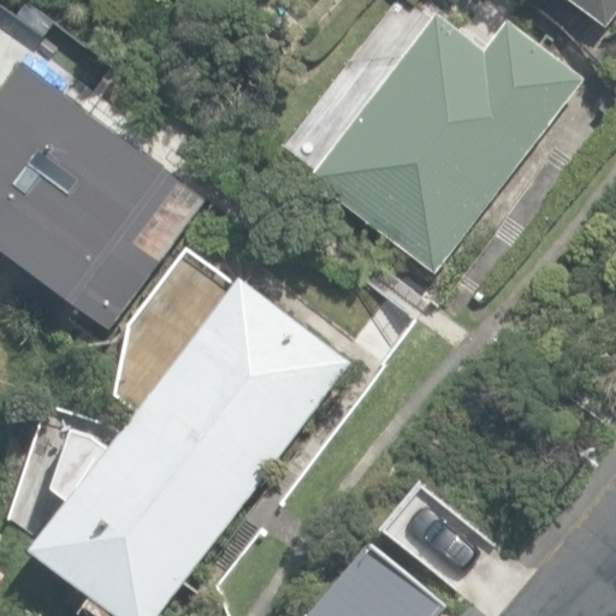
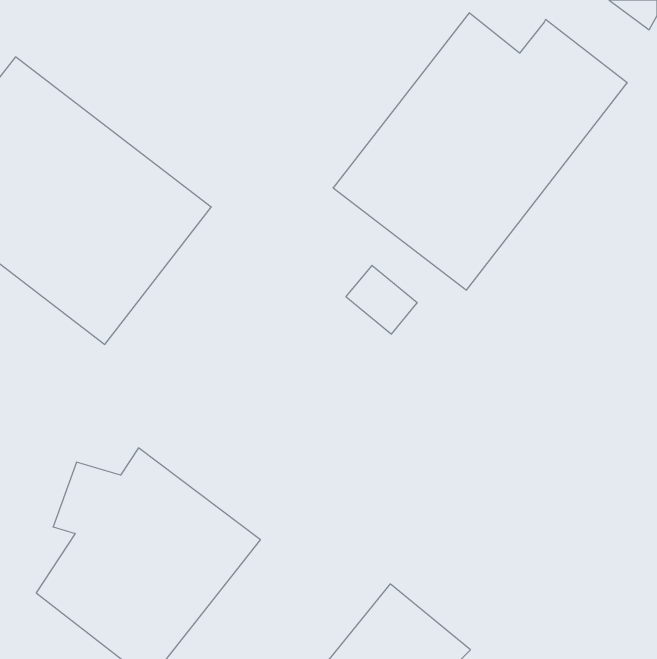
building: [129,276,350,504] -> none

